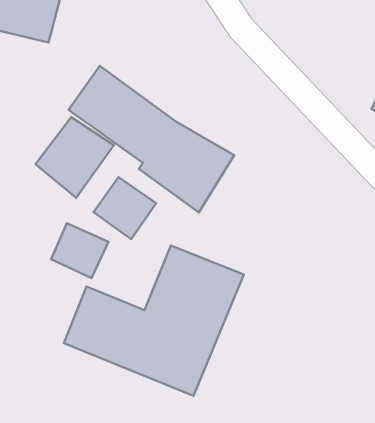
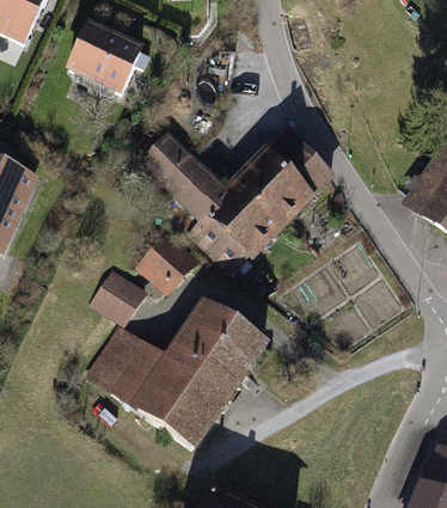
building: none -> [226,131,326,227]
building: [36,117,114,198] -> none

